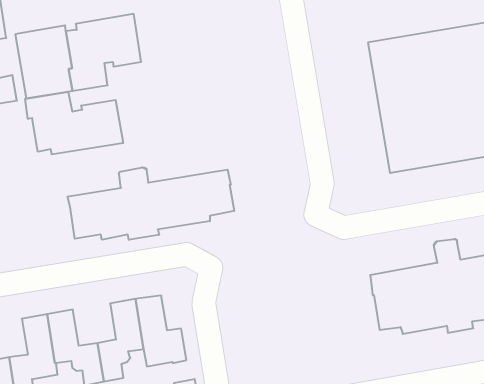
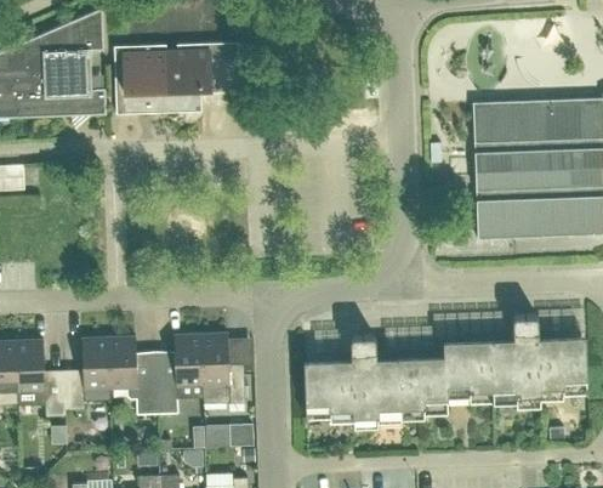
building: [25,92,123,154] -> none
building: [68,167,234,240] -> none
building: none -> [305,334,449,430]

